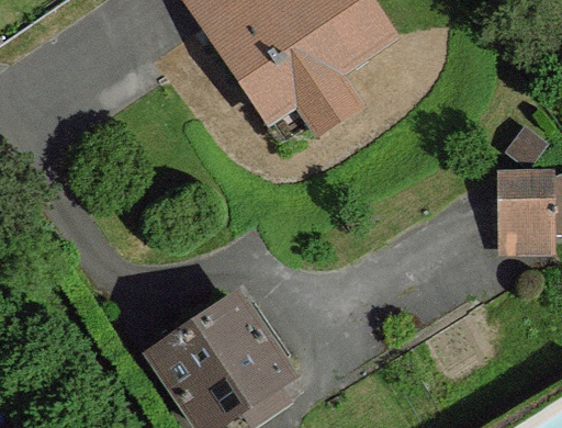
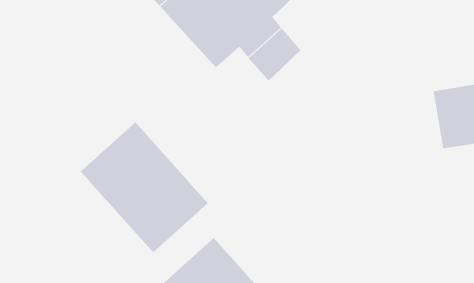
building: none -> [80,122,209,253]

